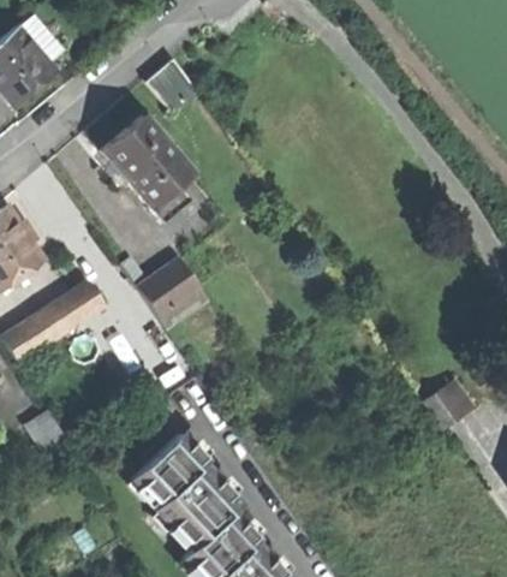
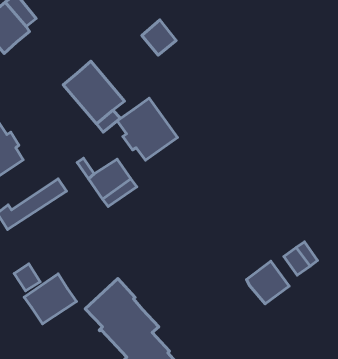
building: [145,60,196,112] -> [142,20,176,55]
building: none -> [117,98,177,160]
building: none -> [246,261,289,304]
building: none -> [24,274,76,324]

